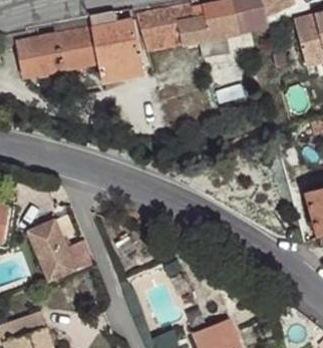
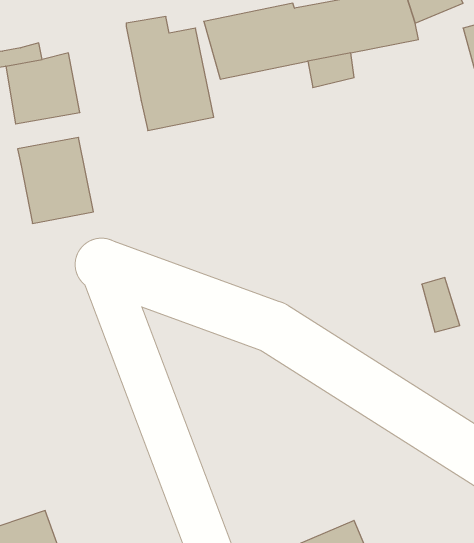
building: [52,18,98,70] -> [18,137,93,223]
building: [26,219,75,281] -> none

